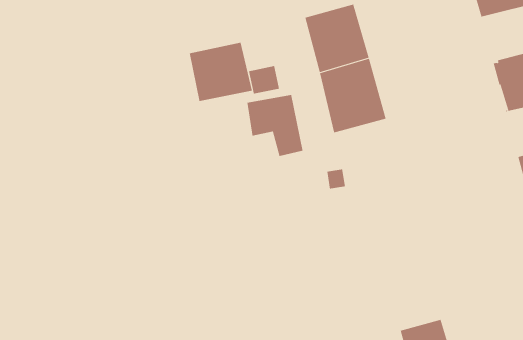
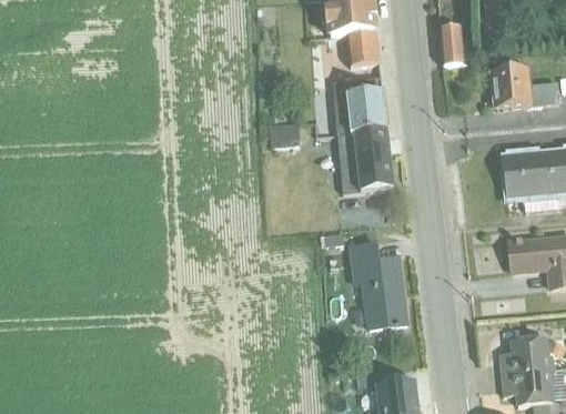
building: [189,42,252,102] -> none
building: [247,94,303,157] -> none
building: none -> [348,242,406,329]

